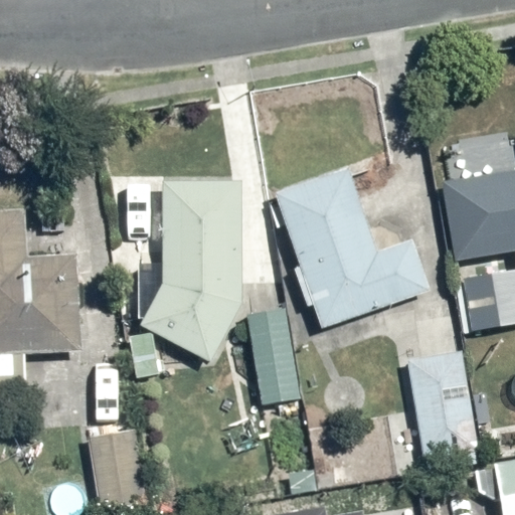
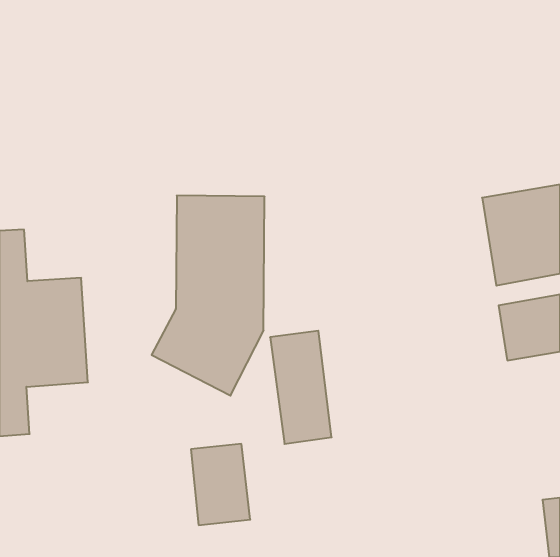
building: [273,165,430,328] -> none
building: [408,349,475,464] -> none
building: [88,431,142,505] -> [191,444,250,525]

